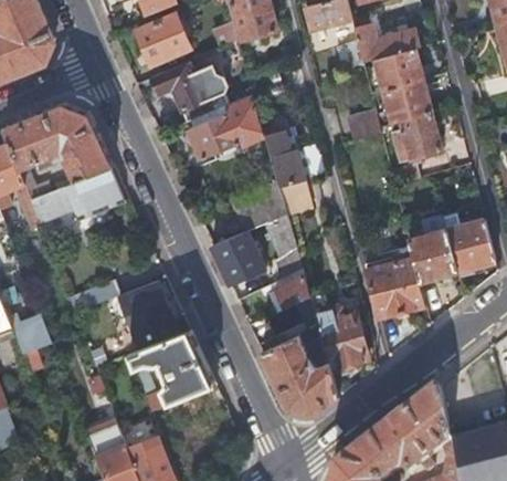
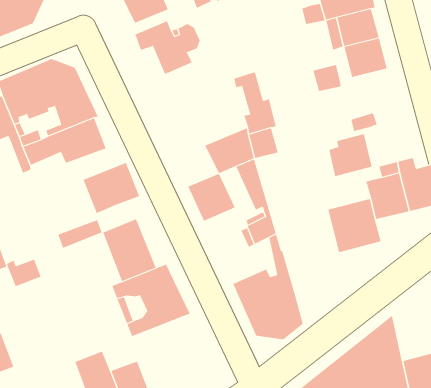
building: [189,93,264,160] -> none
building: [392,115,441,163] -> [329,134,373,177]
building: none -> [83,162,140,214]
building: [316,309,367,368] -> none

